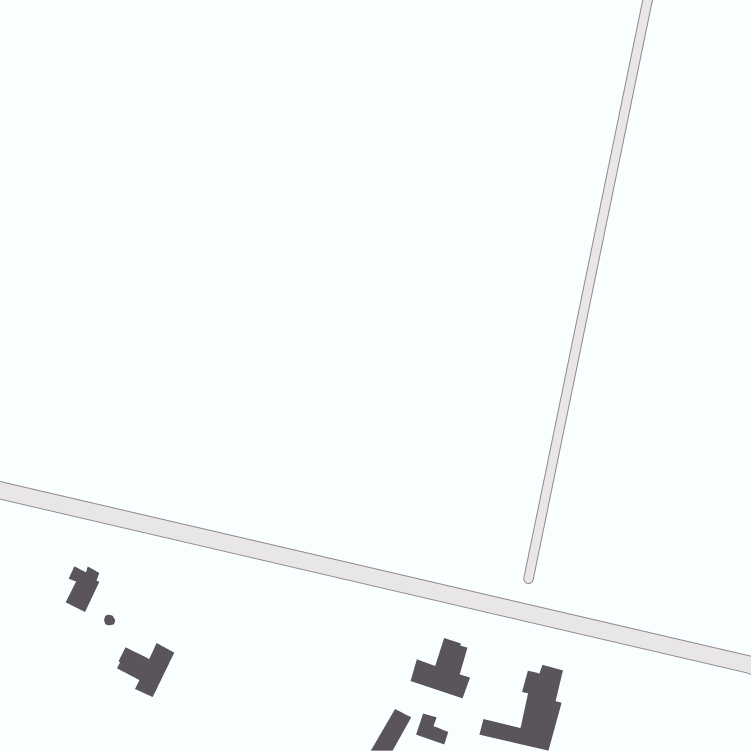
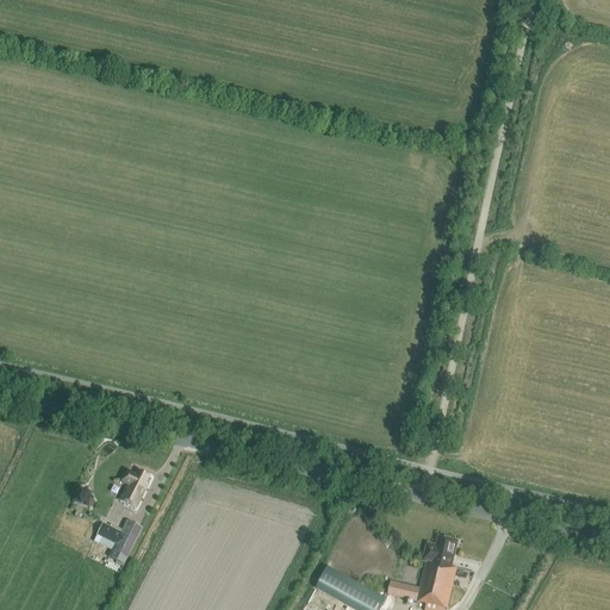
building: [65,566,100,613] -> [120,469,149,508]
building: [410,637,471,699] -> none

